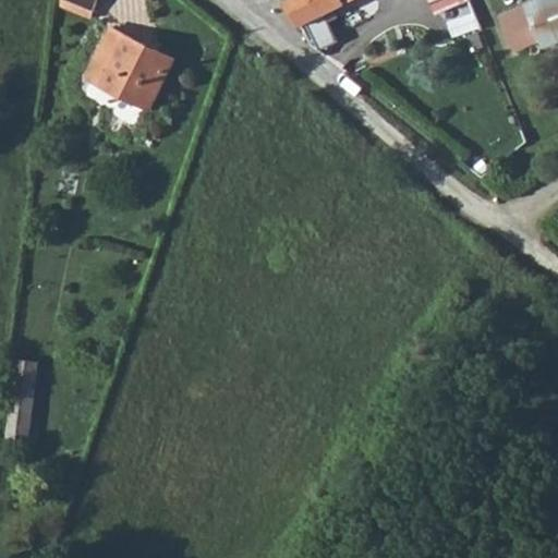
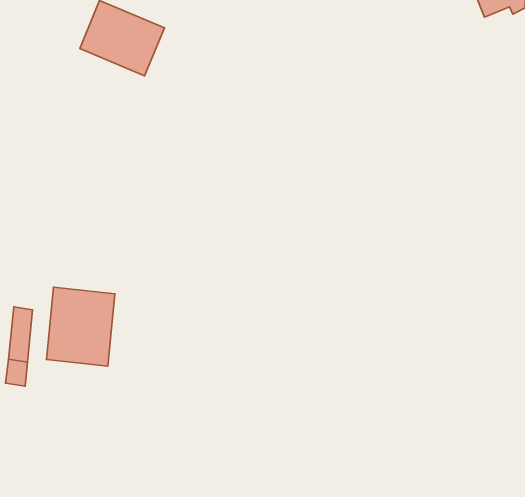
building: none -> [46,287,115,366]

